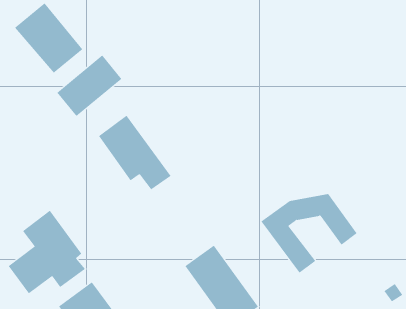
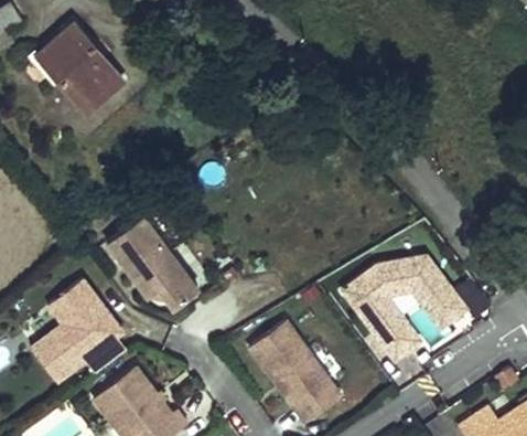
building: [56,55,122,117] -> none
building: [98,115,172,190] -> [107,215,197,308]
building: none -> [378,285,465,361]

